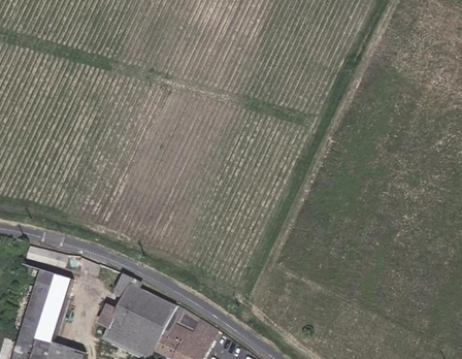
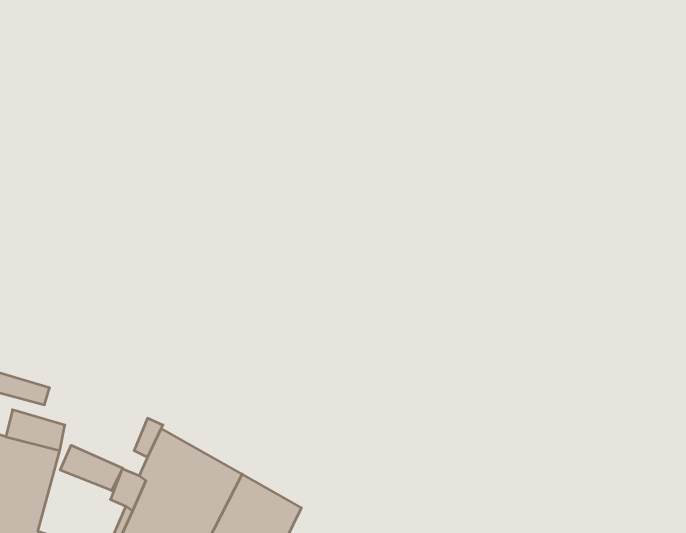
building: none -> [60,445,123,491]

